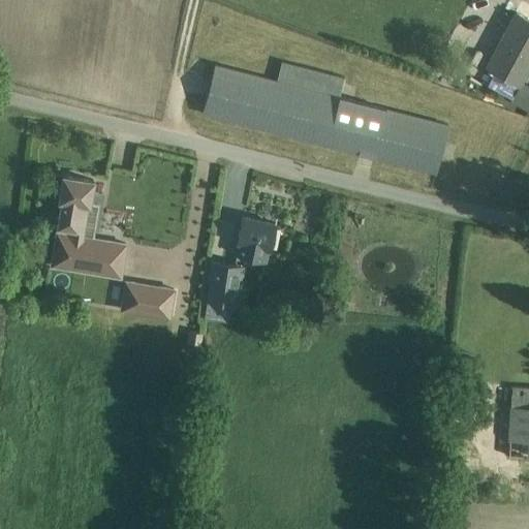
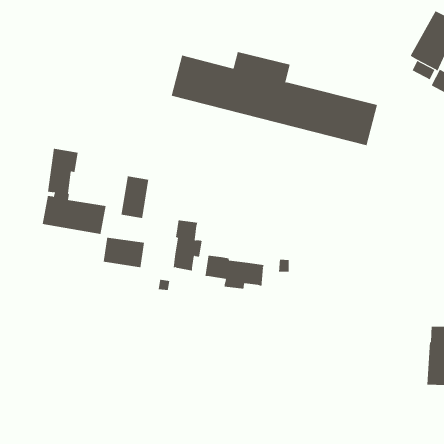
building: none -> [121,176,149,219]
building: [238,219,277,263] -> none
building: none -> [205,255,264,290]

